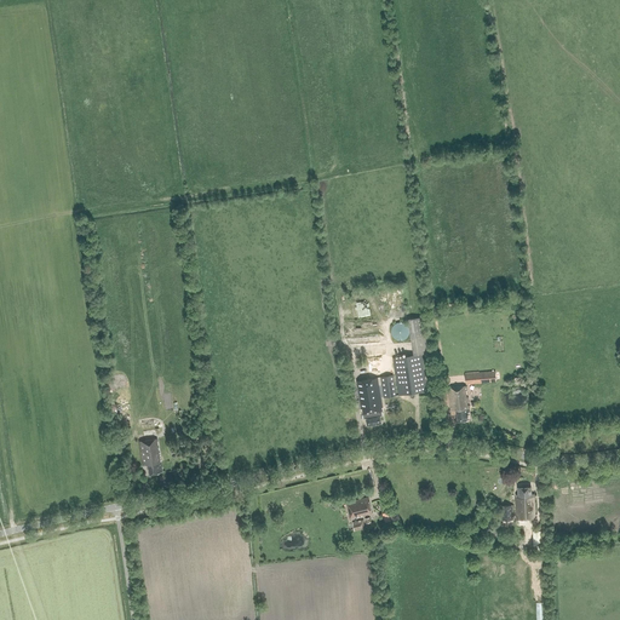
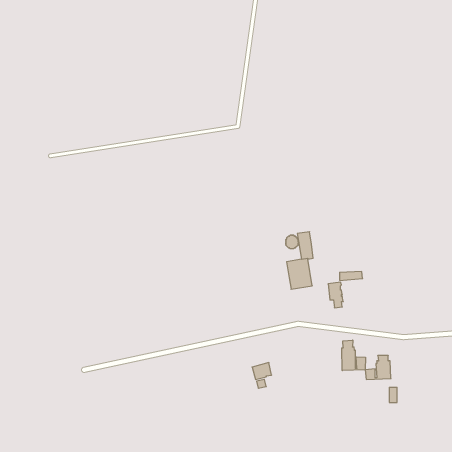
building: [357,375,396,426] -> none
building: [139,438,162,475] -> none
building: none -> [342,340,365,371]

